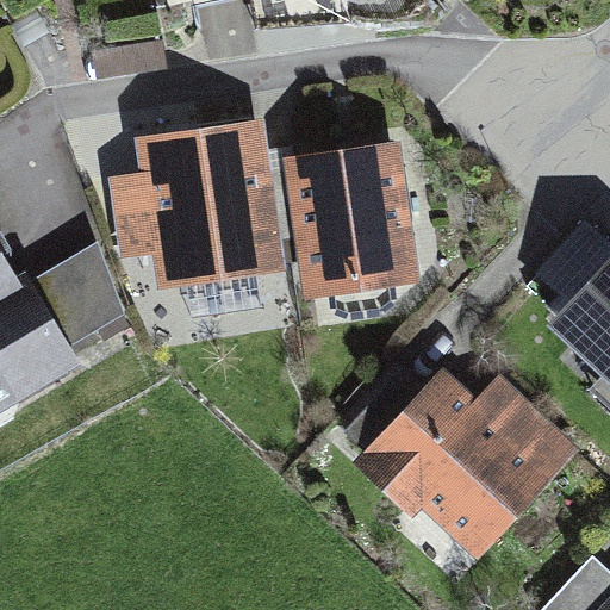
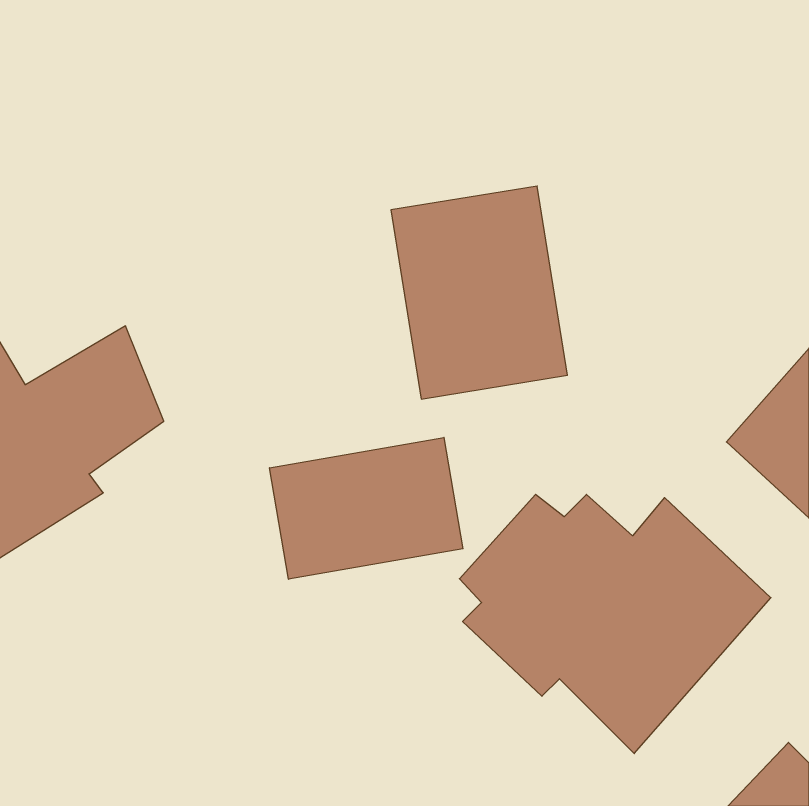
building: [129,117,290,291] -> none
building: none -> [270,437,463,579]

